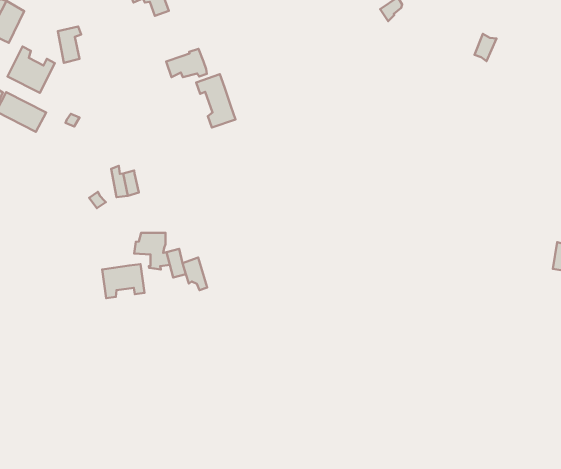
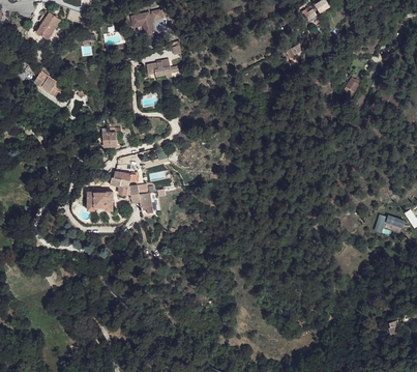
building: [8,47,55,93] -> none
building: [196,74,236,128] -> none

